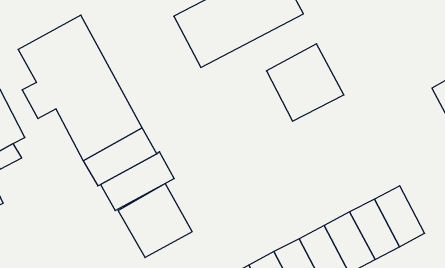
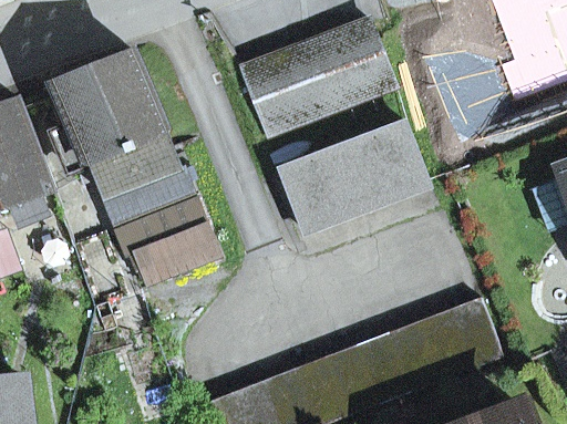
building: none -> [280,145,365,230]
building: [118,183,192,258] -> none

